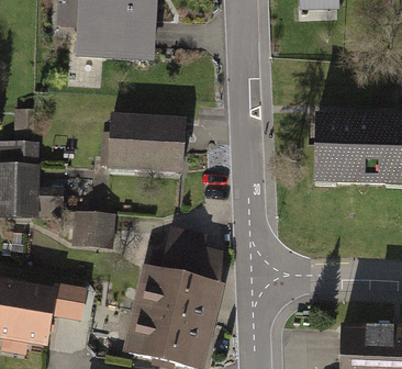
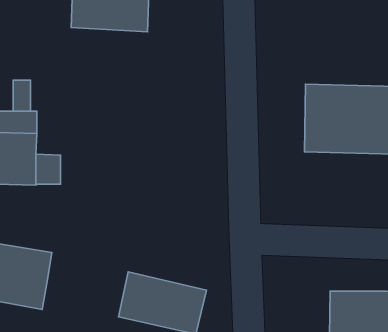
building: [108,113,186,172] -> none
building: [72,211,115,249] -> none
building: [133,225,223,325] -> none
building: [51,282,87,320] -> none

